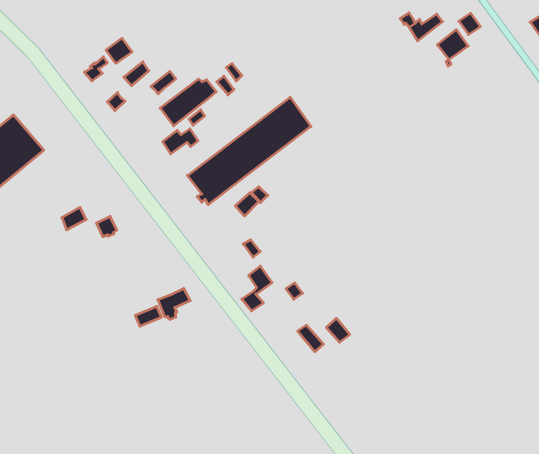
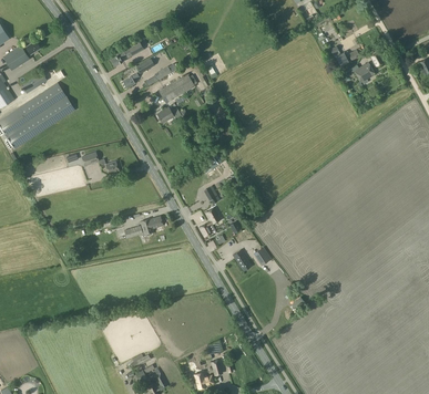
building: [187,97,311,205] -> none

